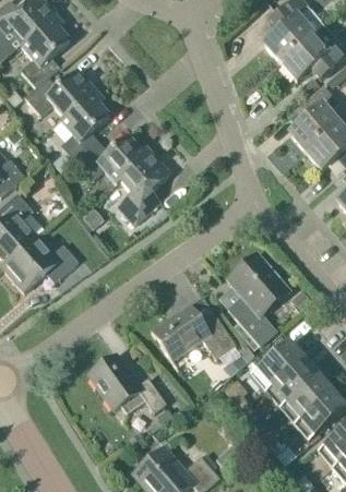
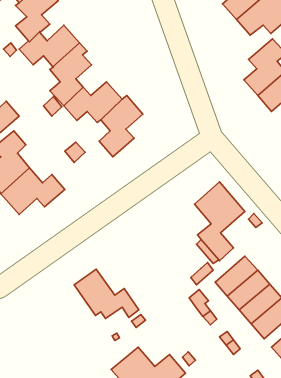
building: [152,305,237,362] -> none

